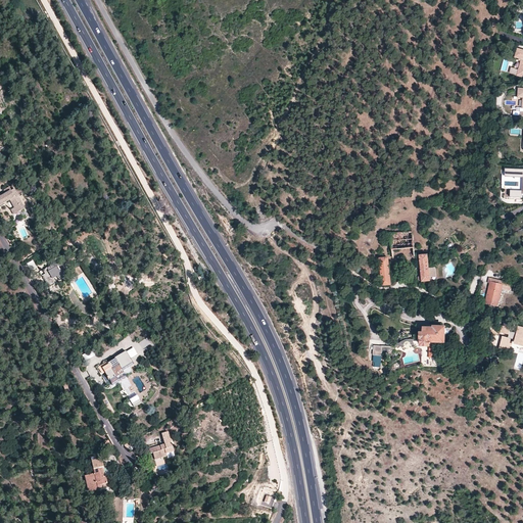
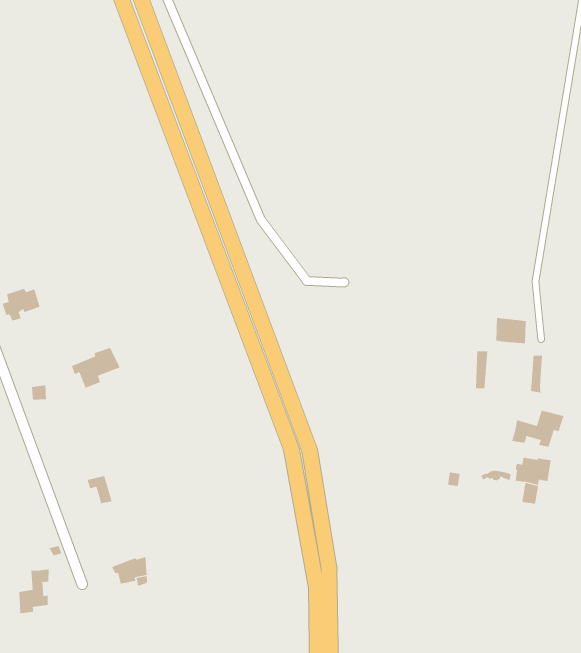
building: none -> [511,410,564,447]
building: [100,351,135,383] -> [71,347,120,388]

